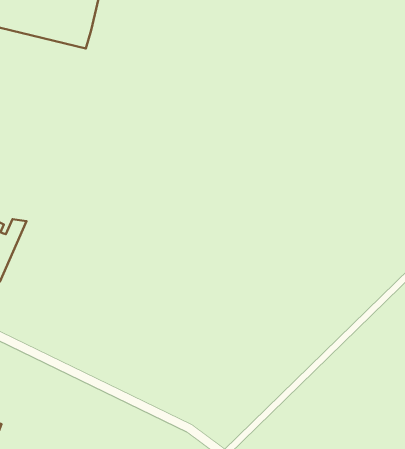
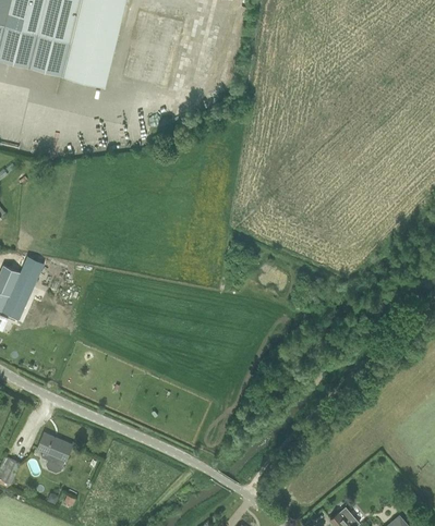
building: none -> [37,435,72,474]

